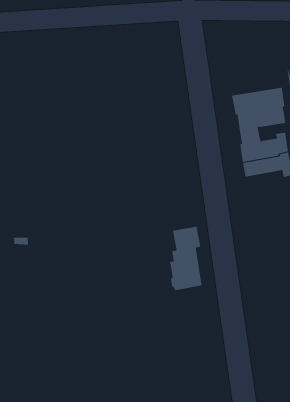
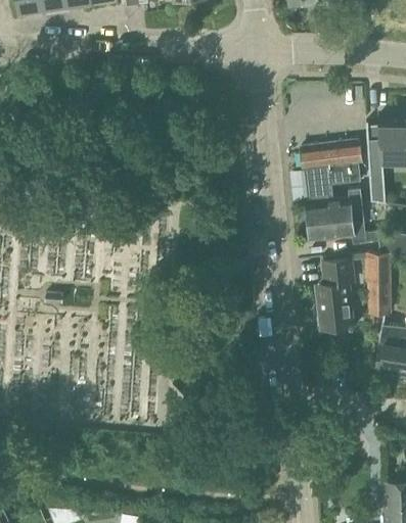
building: [169,226,202,291] -> [318,258,355,330]

